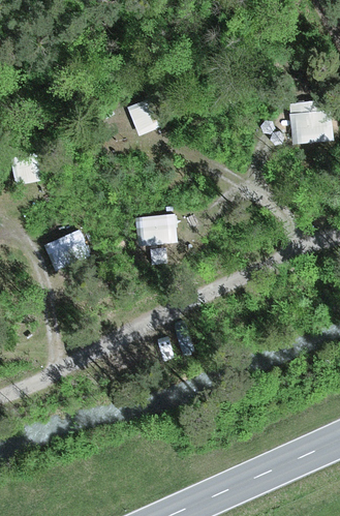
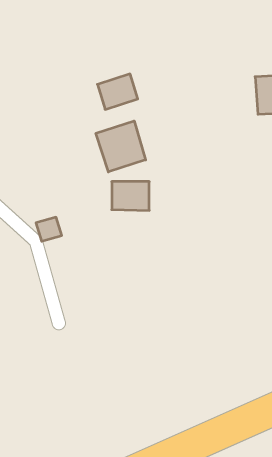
building: none -> [96,121,146,172]

